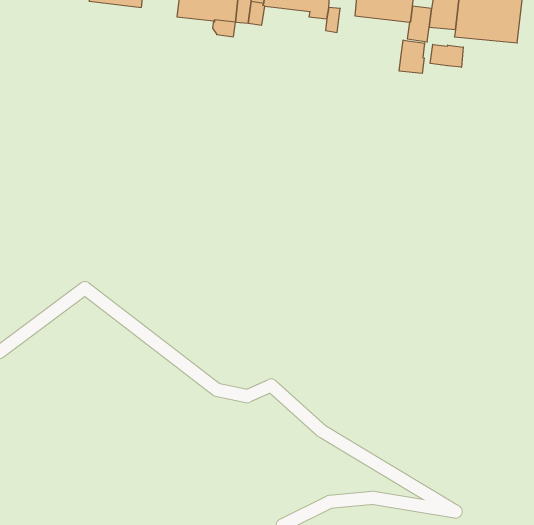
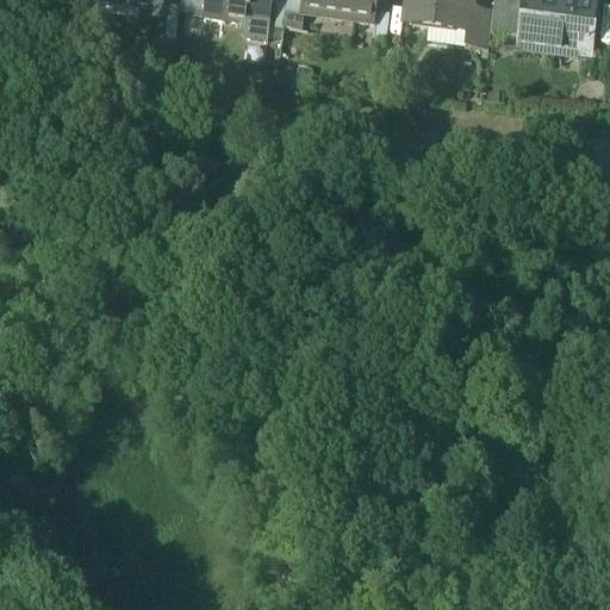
building: [399,40,425,73] -> none
building: [430,44,463,67] -> none

